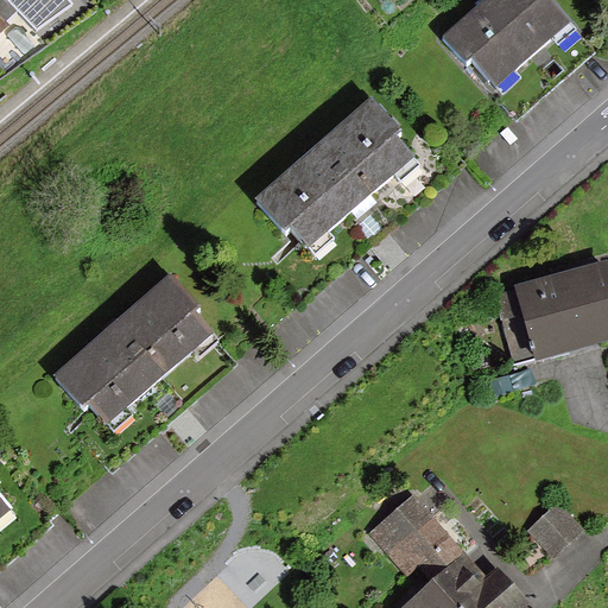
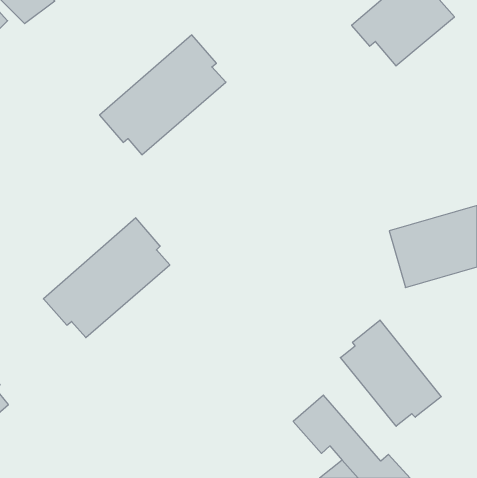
building: [255,97,414,248] -> [100,35,226,155]
building: none -> [340,320,441,426]
building: [526,502,578,555] -> none

